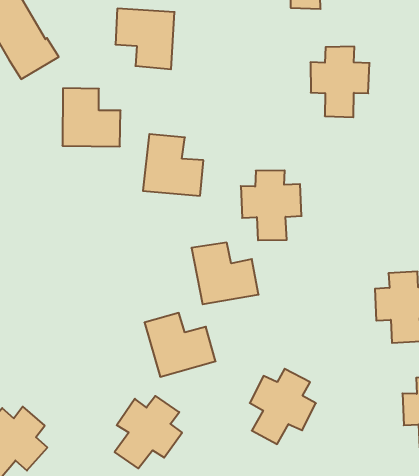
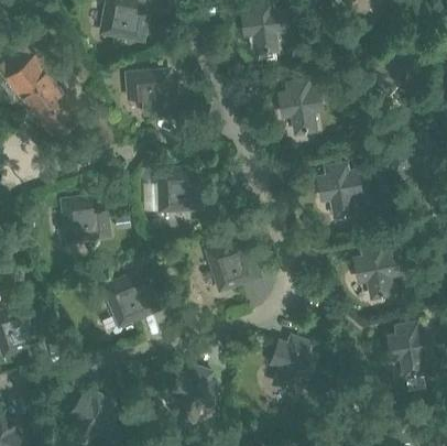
building: [62,88,121,146] -> [63,197,112,244]
building: [241,170,302,240] -> [312,163,361,219]
building: [144,313,216,377] -> [102,274,161,325]

